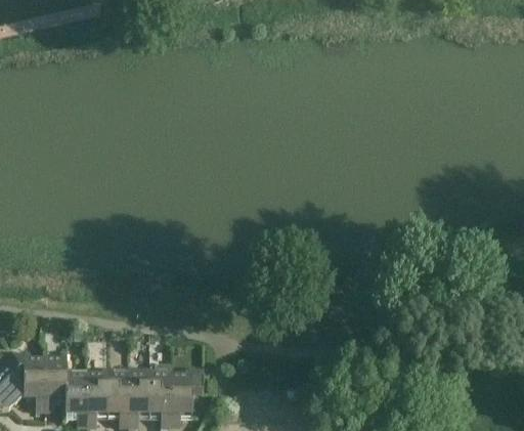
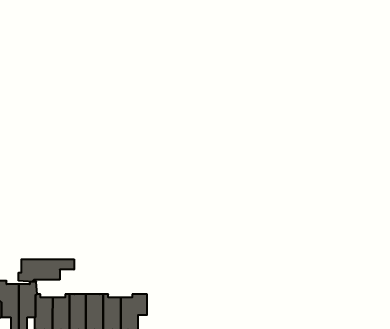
building: none -> [19,259,74,282]

